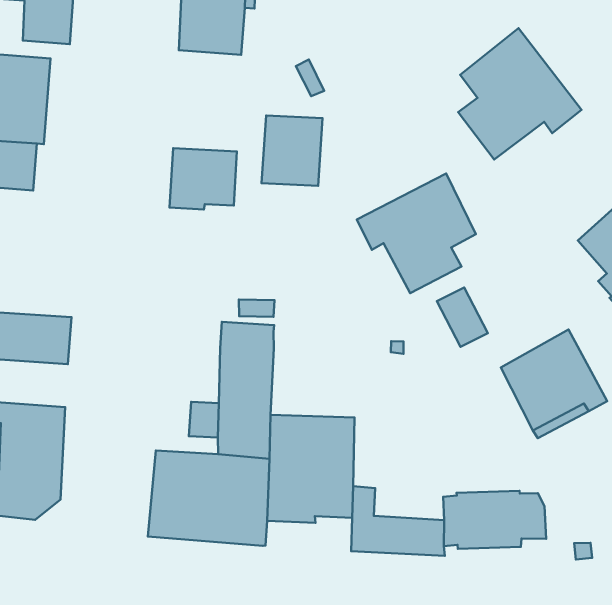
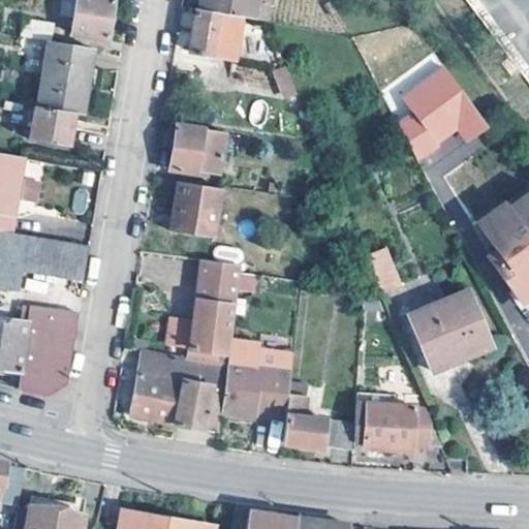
building: [262,115,323,186] -> [172,181,222,238]
building: [357,173,476,293] -> none

